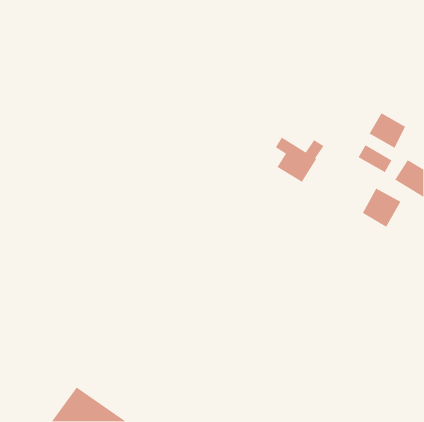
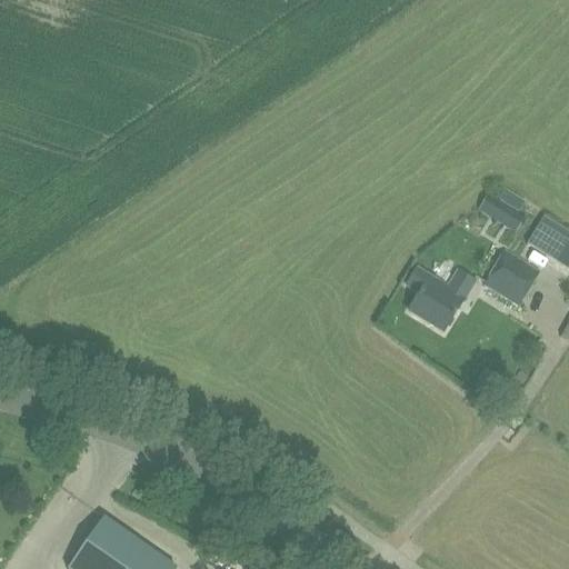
building: [369,112,406,149] -> none
building: [275,137,325,183] -> [408,269,475,331]

